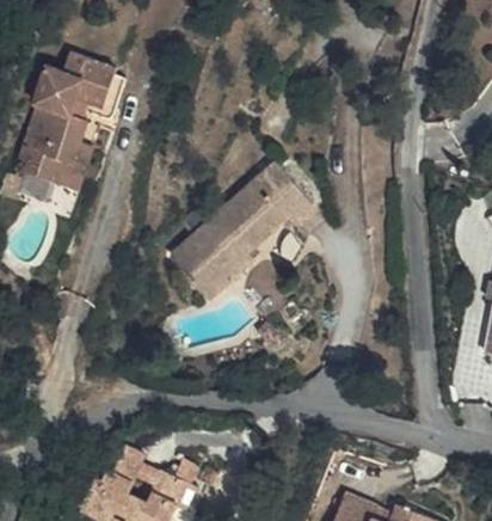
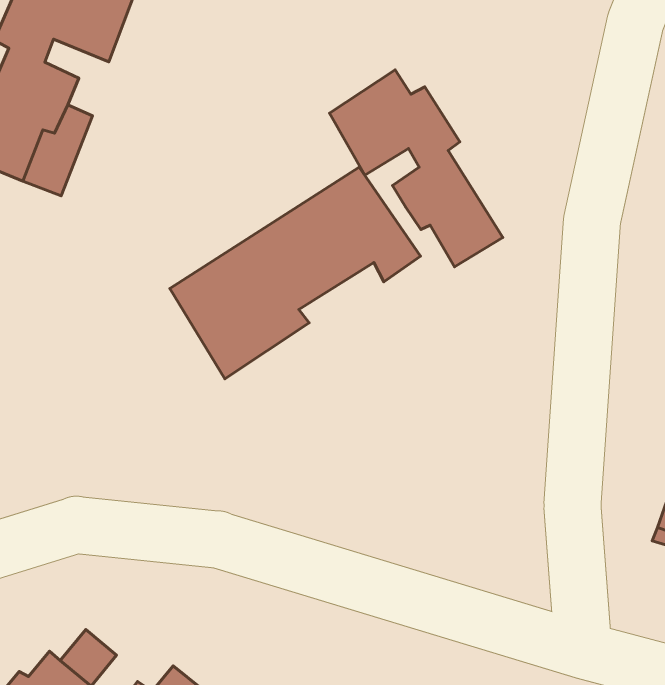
building: none -> [329,70,503,267]

